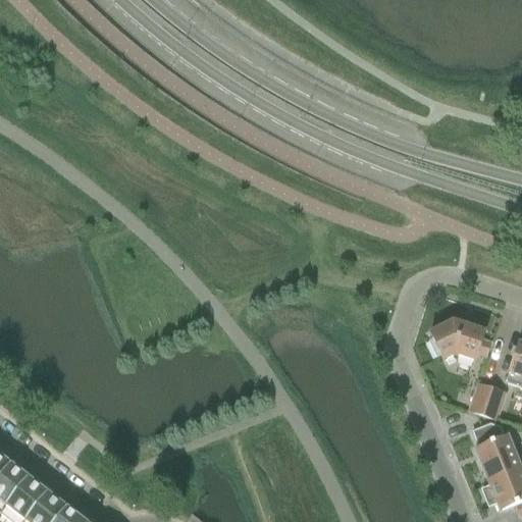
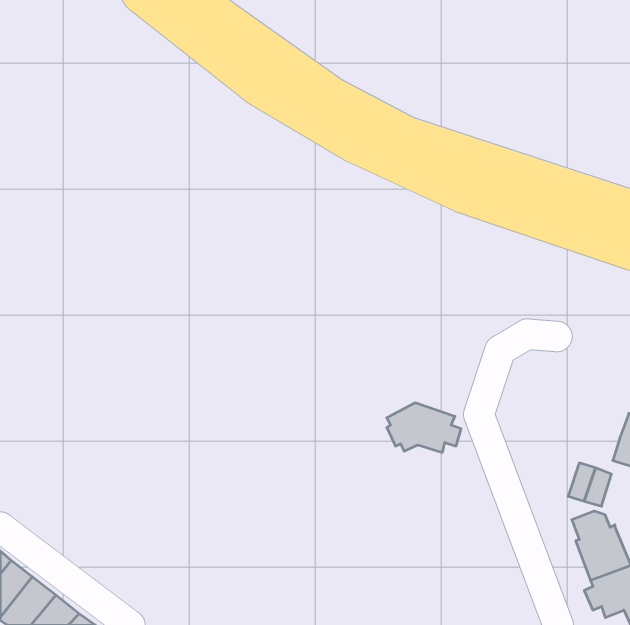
building: [430,318,491,359] -> [387,403,461,452]

